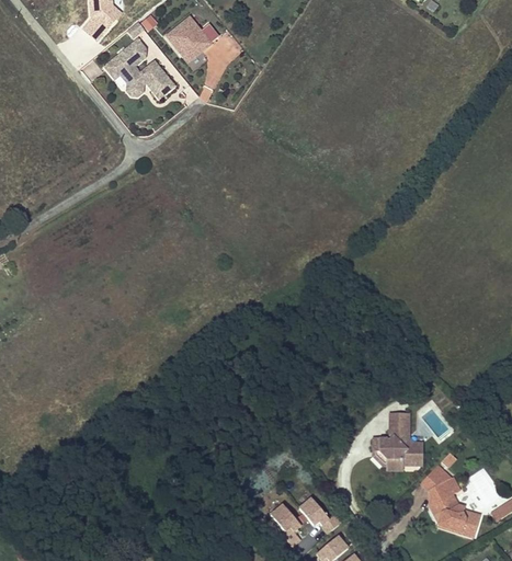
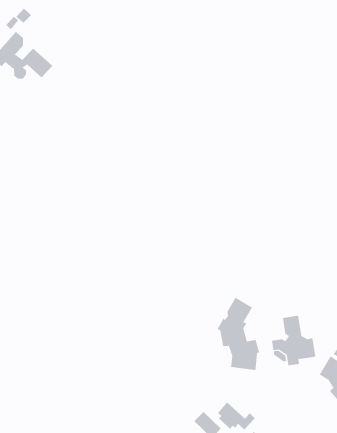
building: [167,19,216,60] -> none
building: none -> [217,297,260,371]

